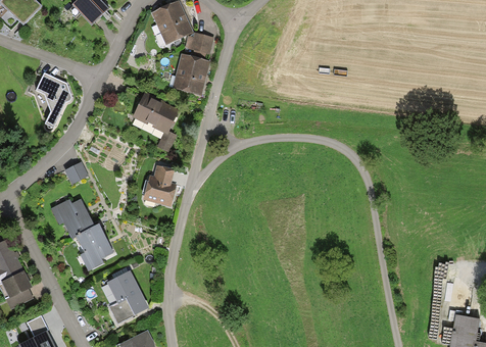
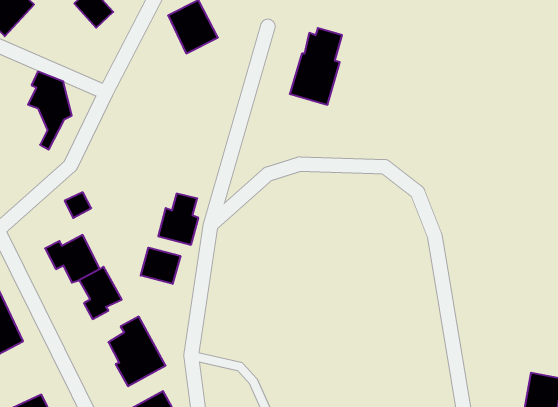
building: [173,32,216,96] -> [290,28,342,105]
building: [133,95,179,133] -> none
building: none -> [141,248,180,284]

